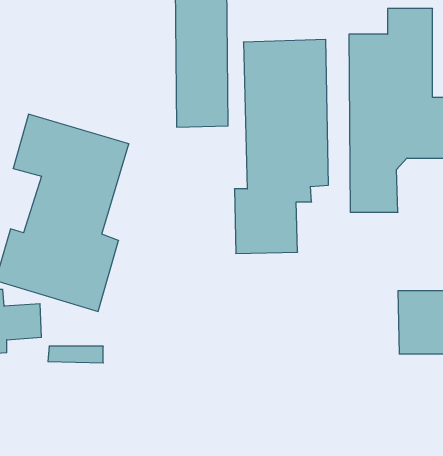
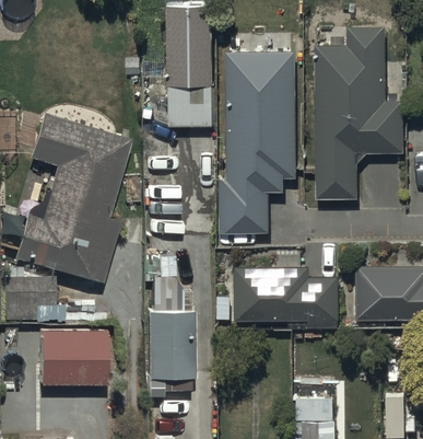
building: none -> [142,247,193,378]
building: none -> [235,265,337,328]
building: none -> [40,331,105,385]

